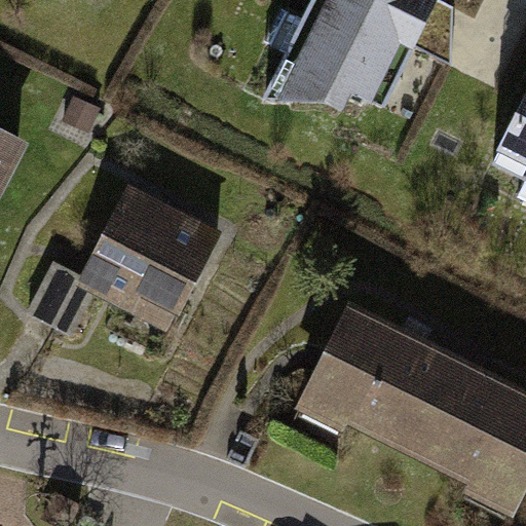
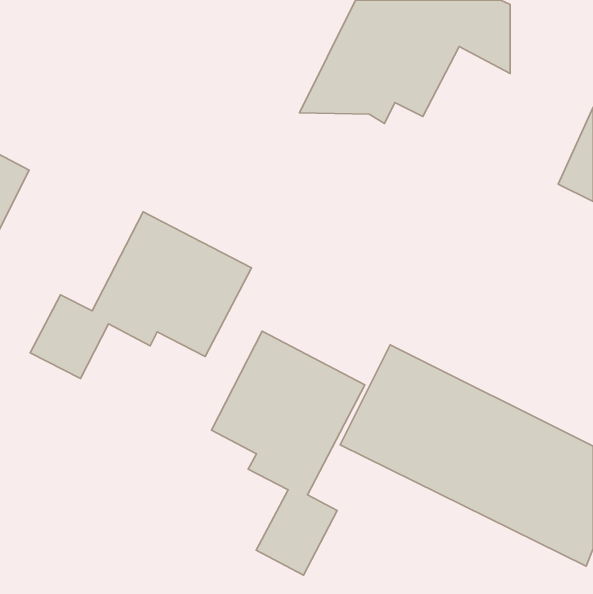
building: none -> [211,331,365,575]

